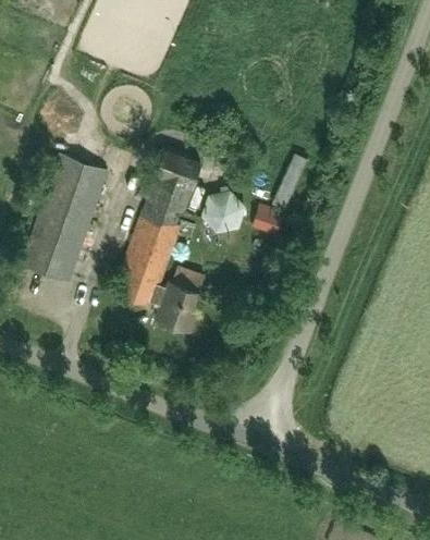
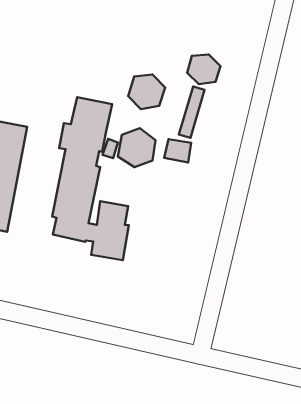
building: none -> [187,55,221,84]
building: none -> [128,75,165,109]

